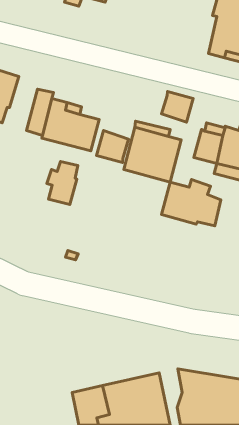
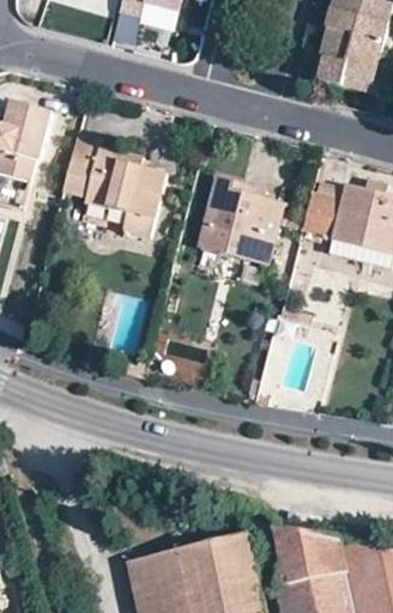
building: [161,91,193,122] -> none
building: [96,131,129,163] -> none
building: [47,162,78,205] -> none
building: [161,179,221,226] -> none

